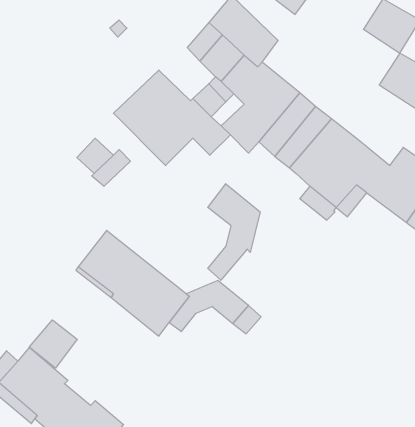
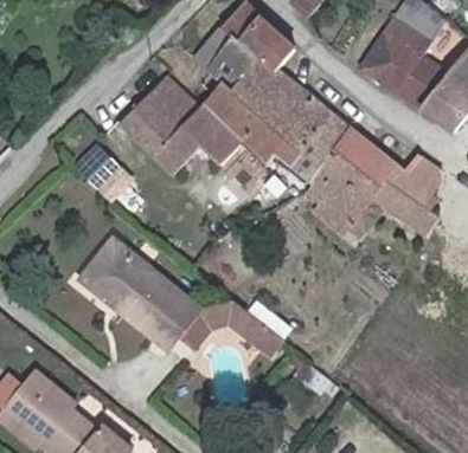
building: none -> [360,34,418,92]
building: [208,184,260,280] -> none
building: [29,320,77,368] -> none

